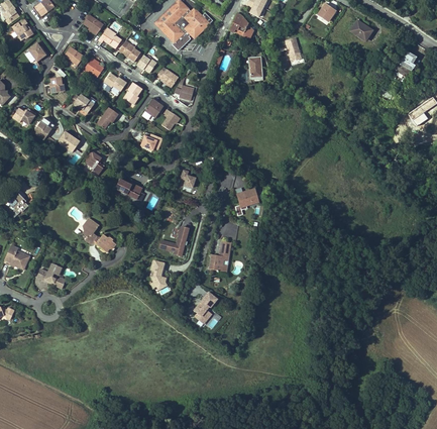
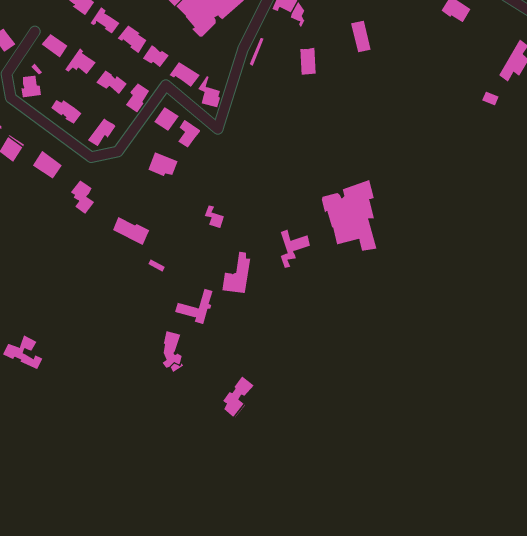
building: none -> [321,179,377,252]
building: [83,217,116,251] -> none
building: [209,240,230,271] -> [221,251,251,293]

